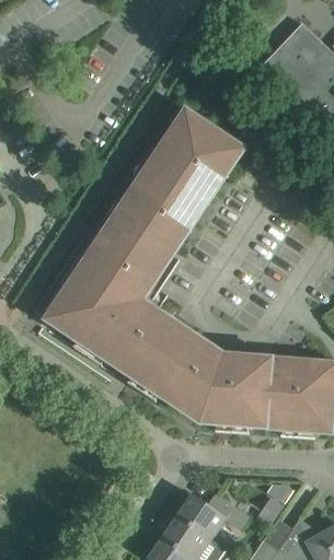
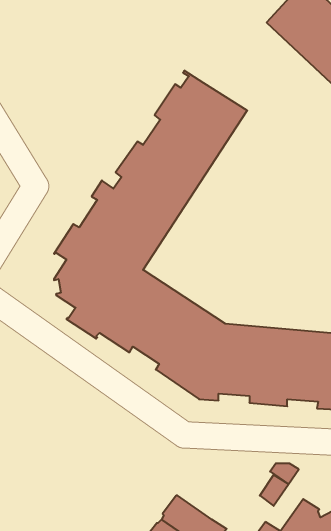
building: [178,494,247,538] -> none

